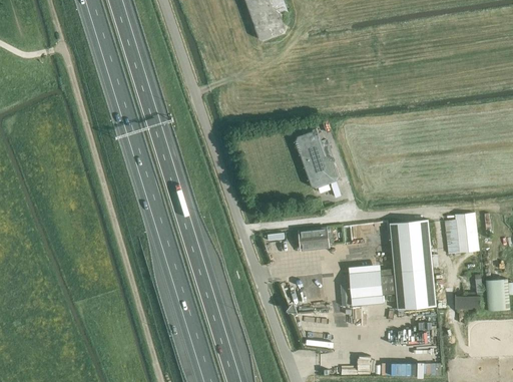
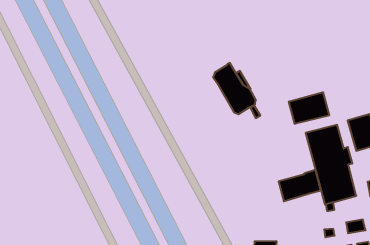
building: none -> [289,92,329,124]
building: [299,230,328,250] -> none

